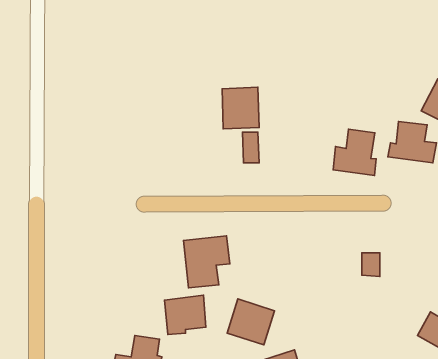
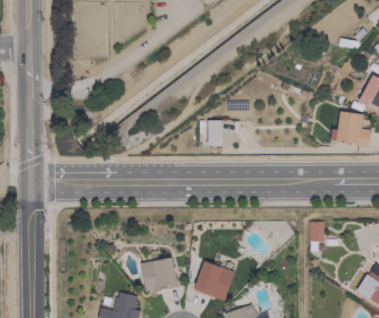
building: [222,87,259,129] -> none
building: [333,129,376,175] -> none
building: [184,236,230,288] -> none

